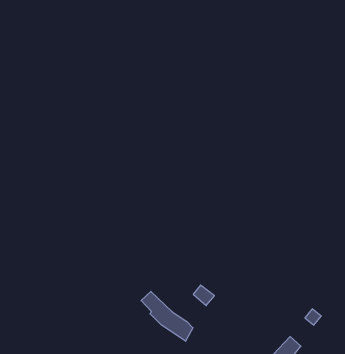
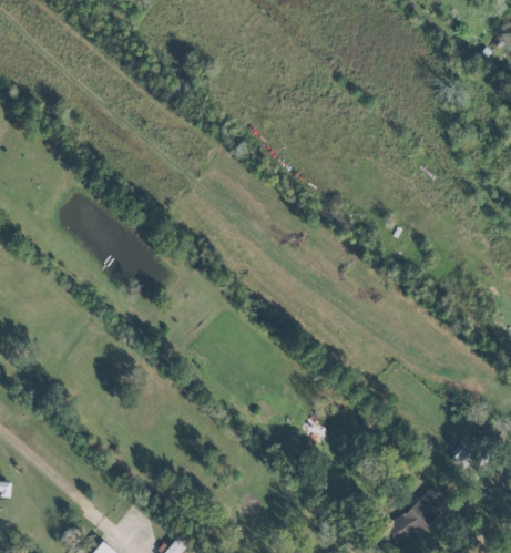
building: [141,291,193,341] -> none

